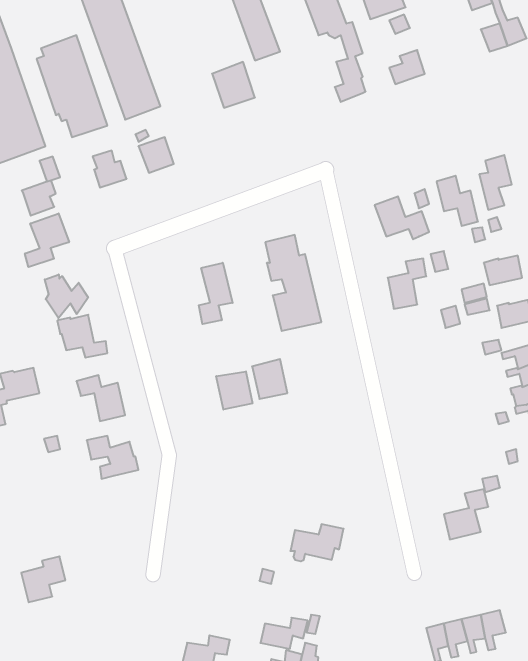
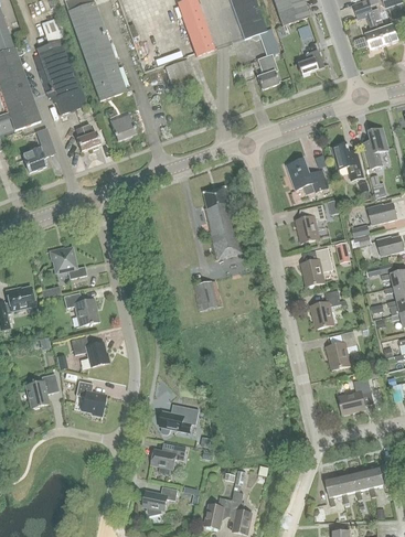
building: [25,213,69,267] -> none
building: [199,263,233,324] -> none
building: [45,274,88,318] -> none
building: none -> [301,247,333,284]
building: [216,371,252,410] -> none
building: none -> [310,289,340,327]
building: none -> [327,329,356,368]
building: none -> [75,379,106,416]
building: [290,524,344,561] -> [159,406,199,433]
building: [21,556,65,602] -> [25,373,58,407]
building: [260,618,308,649] -> [151,444,186,468]

